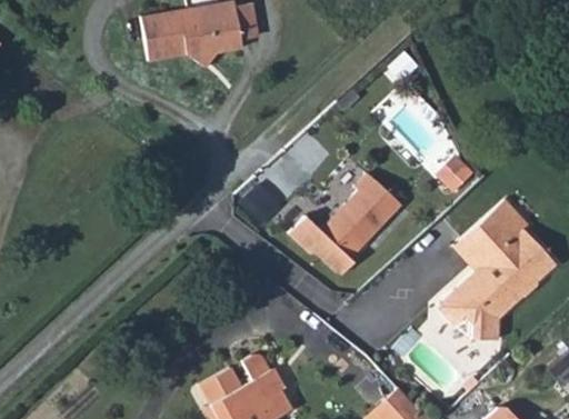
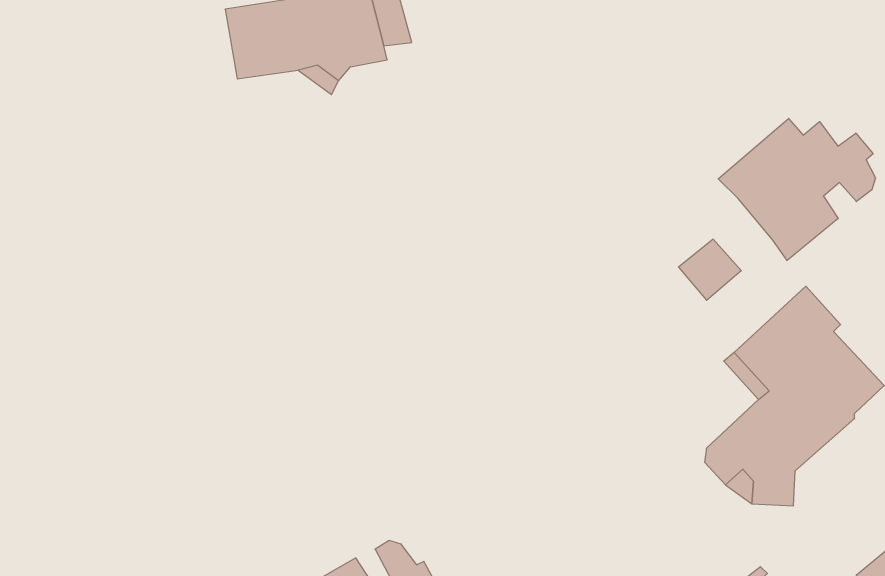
building: none -> [718,118,875,261]
building: [287,177,396,283] -> none

